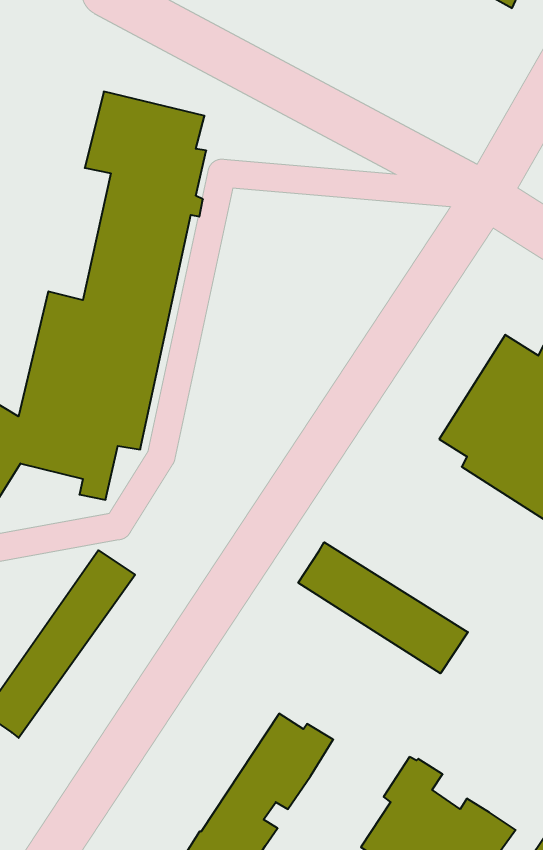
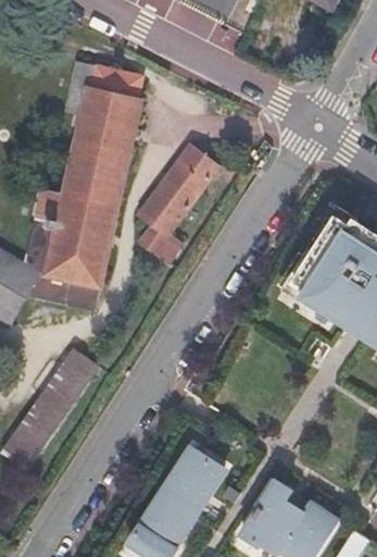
building: none -> [140,146,218,260]
building: [298,542,468,673] -> none

